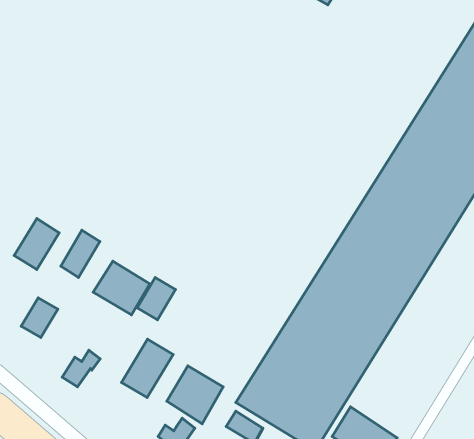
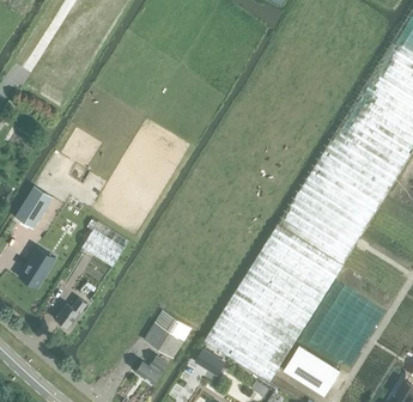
building: [61,230,100,277] -> none
building: [137,278,176,320] -> none
building: [122,339,173,398] -> none

